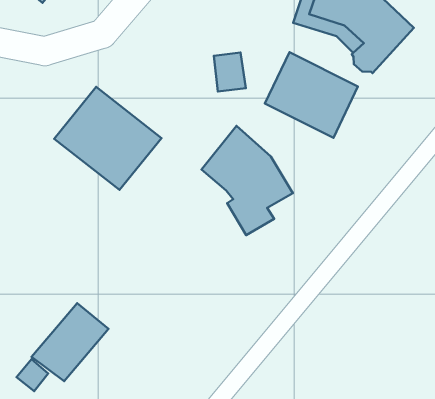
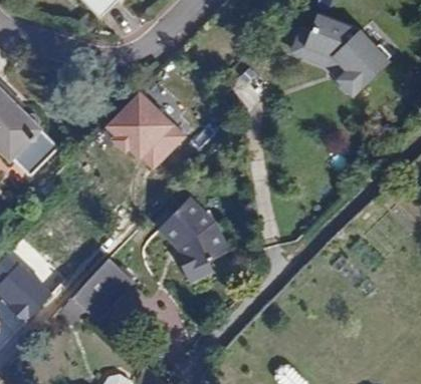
building: [265,52,358,138] -> none
building: [201,126,293,235] -> [161,195,231,281]

